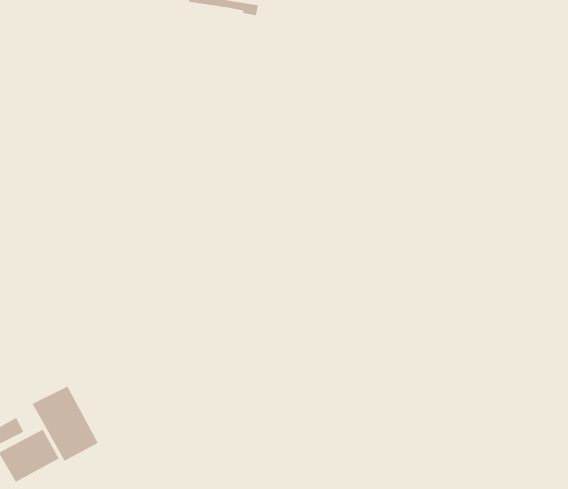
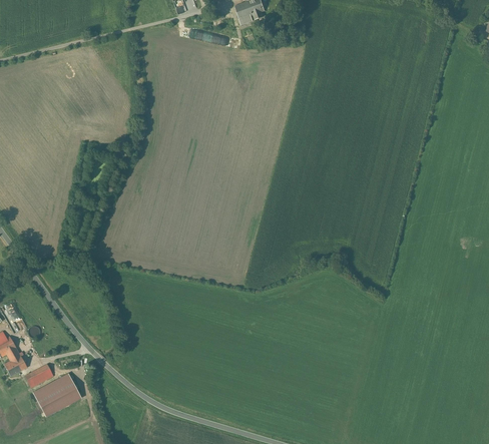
building: [32,385,99,462] -> none

